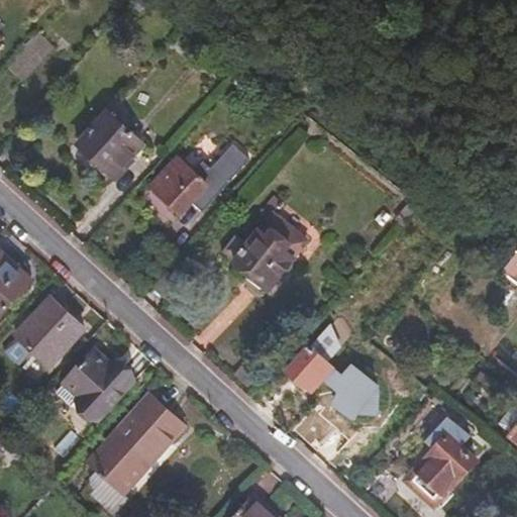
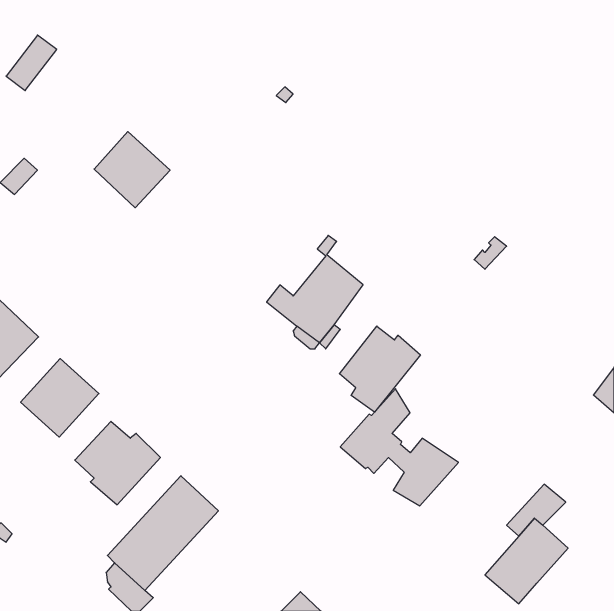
building: [153,142,249,210] -> none
building: none -> [339,326,420,412]

